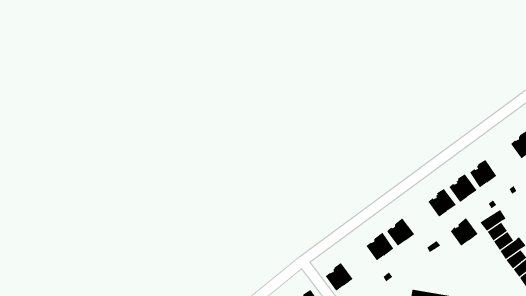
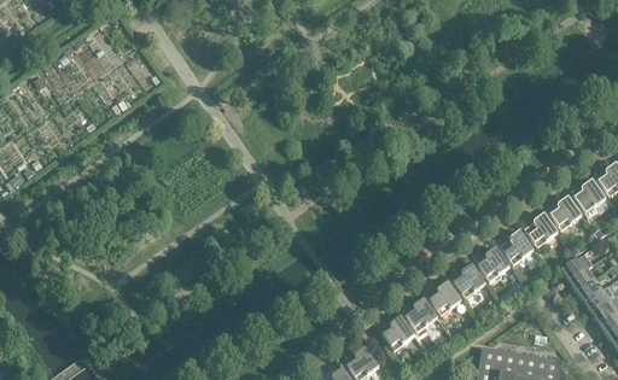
building: none -> [571,179,605,217]
building: [449,217,479,246] -> [476,246,509,280]
building: none -> [403,297,437,331]

